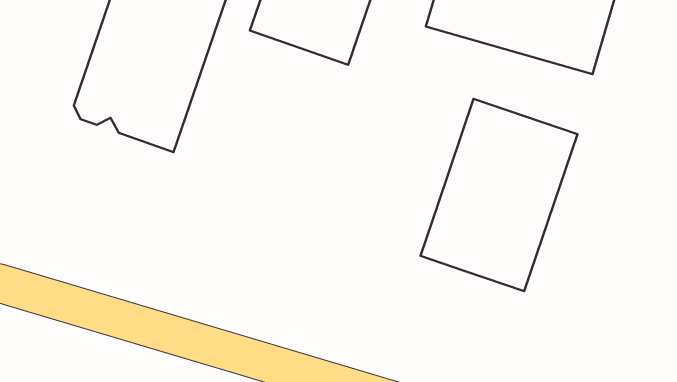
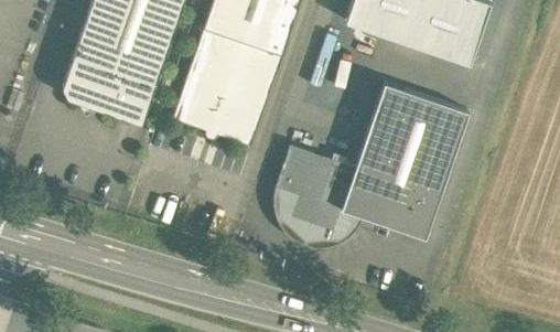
building: none -> [172,28,282,147]
building: none -> [273,144,376,247]

